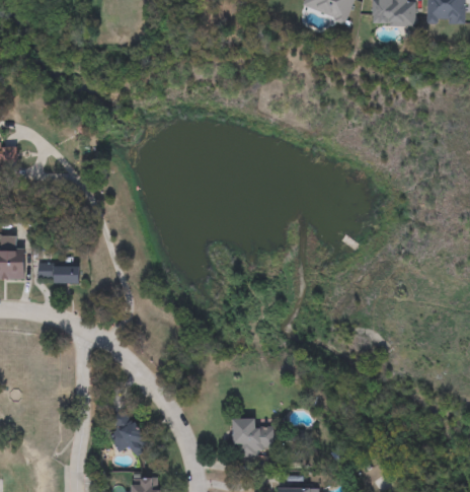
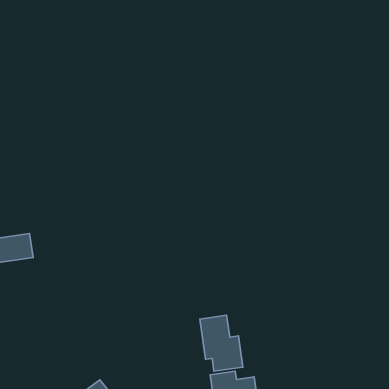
building: none -> [200,315,243,371]

